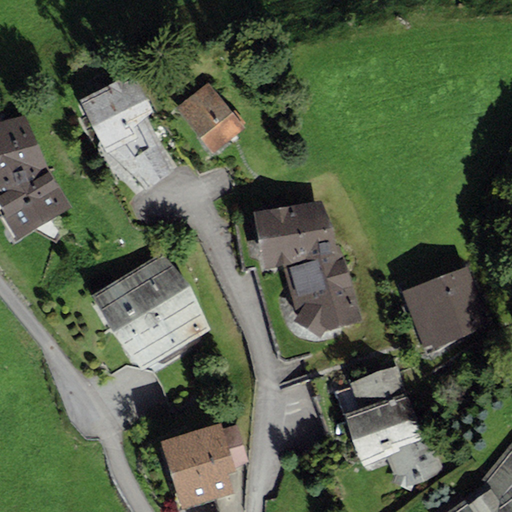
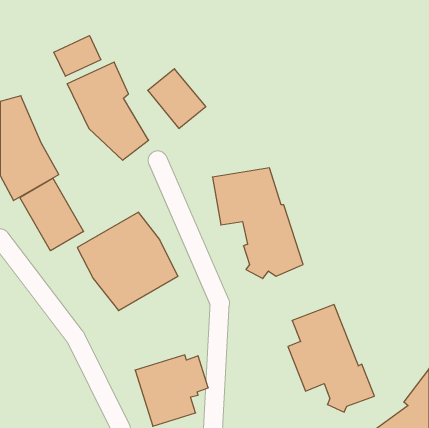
building: none -> [54,36,101,76]
building: none -> [20,178,84,251]
building: [403,265,492,352] -> none

